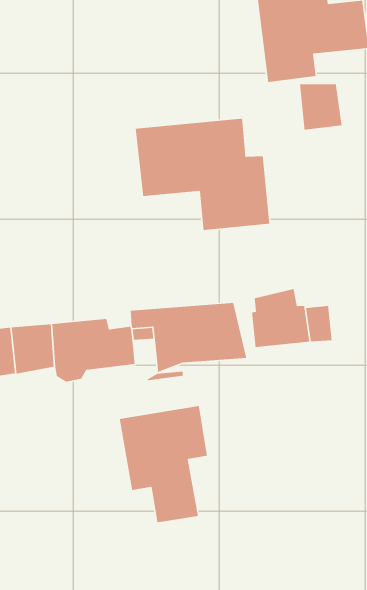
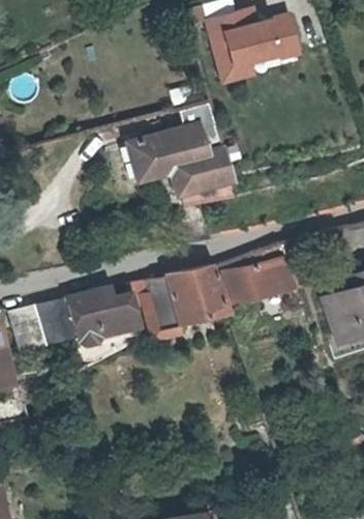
building: [299,83,342,131] -> none
building: [119,405,208,523] -> none

